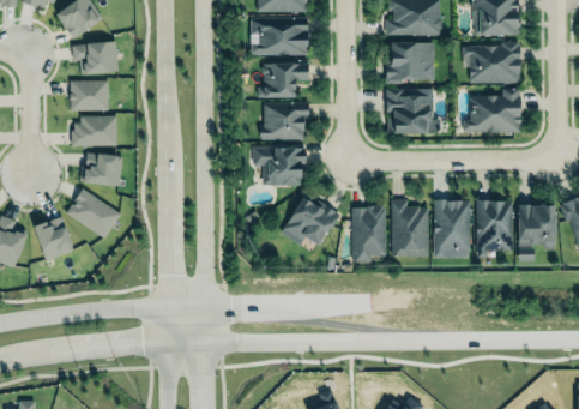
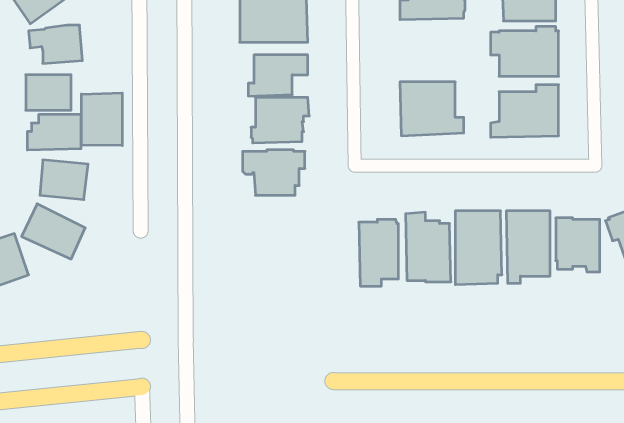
building: [385,41,434,83] -> none
building: none -> [81,93,122,146]
building: [281,192,340,245] -> none

